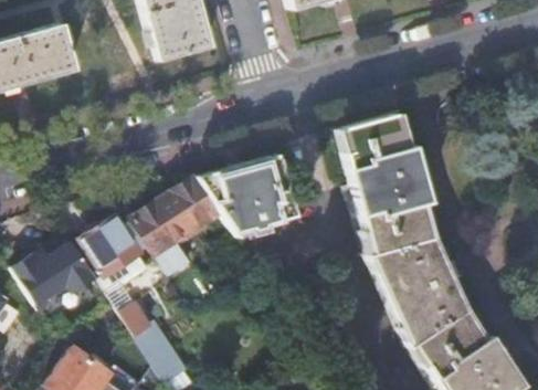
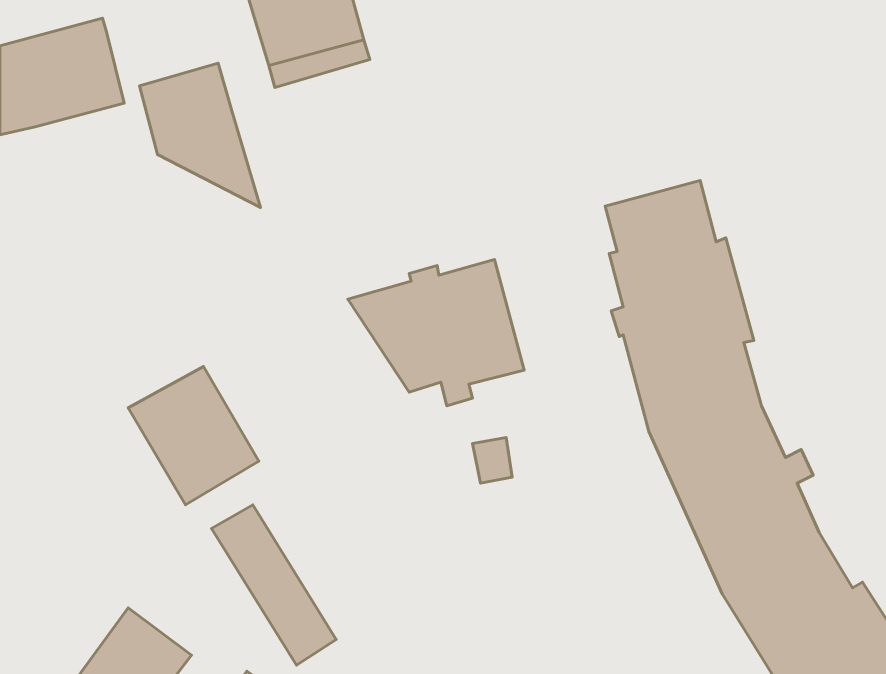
building: none -> [139,63,260,208]
building: [130,177,221,260] -> none
building: [13,241,96,313] -> none

